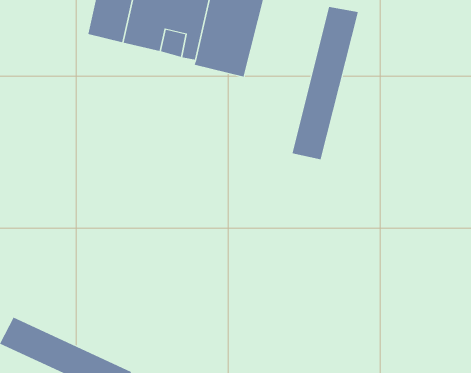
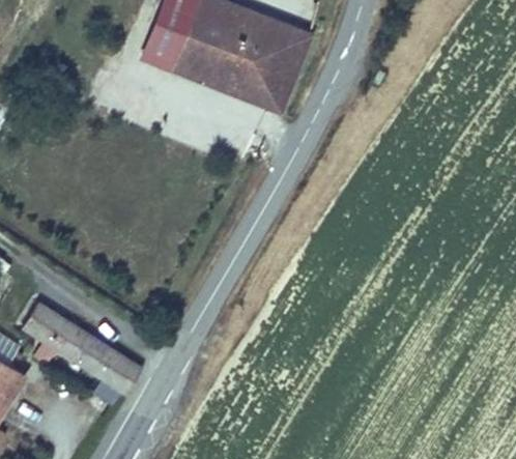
building: [292,6,359,160] -> none

